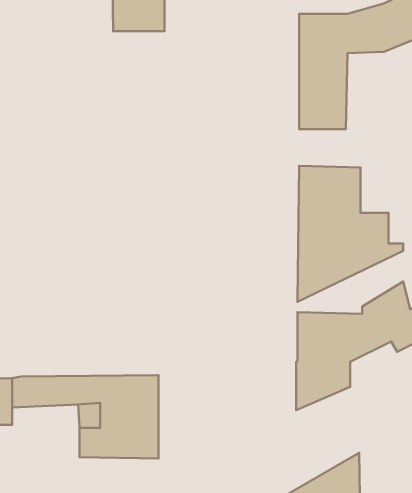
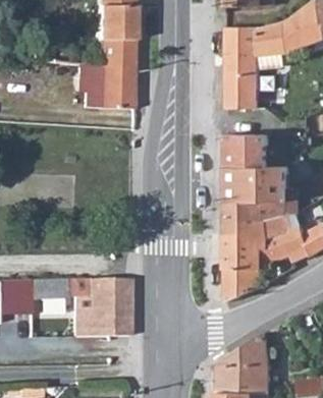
building: none -> [75,39,132,107]
building: none -> [225,191,299,235]

